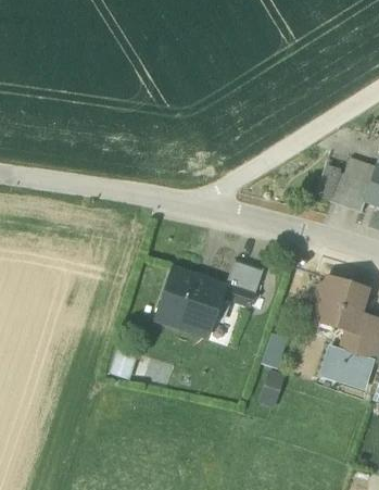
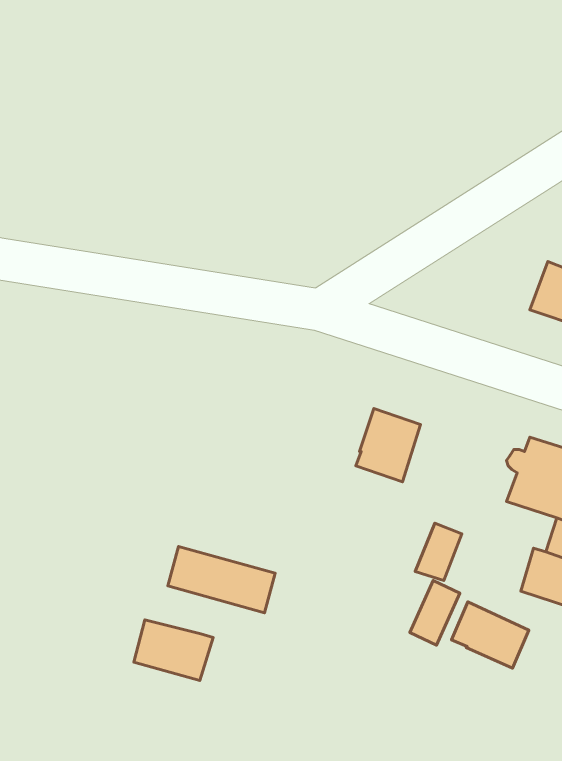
building: [156,268,228,328] -> none
building: none -> [451,602,529,668]
building: none -> [134,620,213,680]

